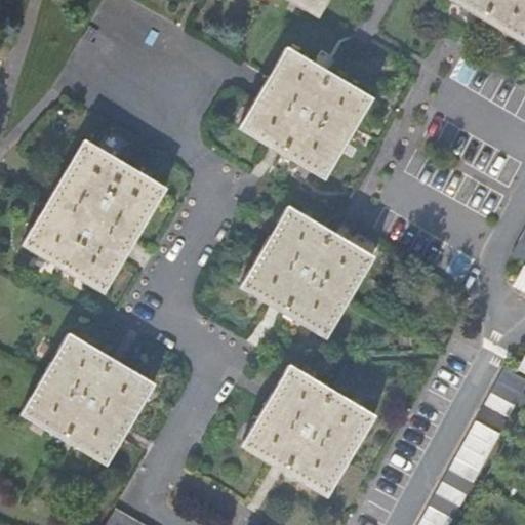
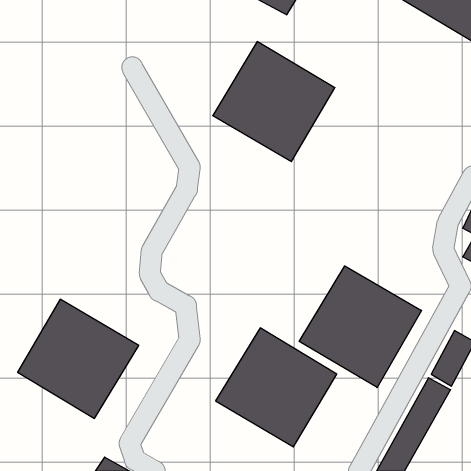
building: [23,139,167,293] -> none
building: [239,204,376,337] -> none
building: none -> [299,266,422,388]

